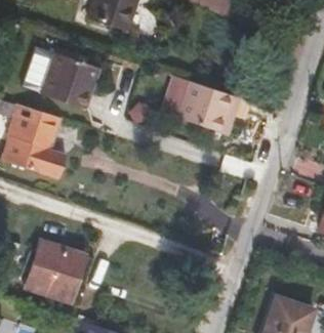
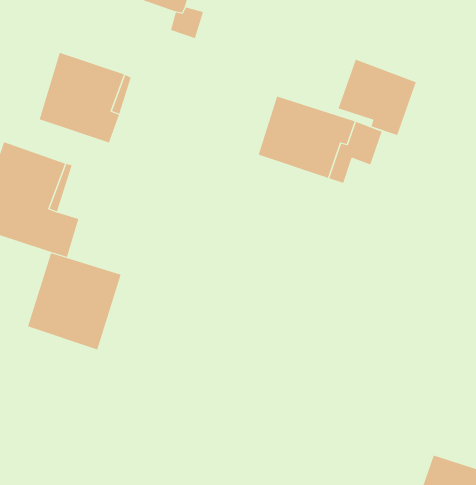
building: none -> [338,59,417,136]
building: [26,242,83,301] -> [27,252,121,350]

